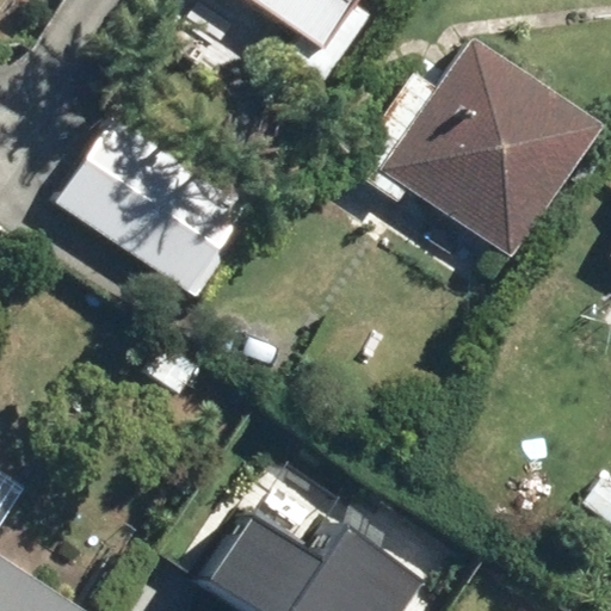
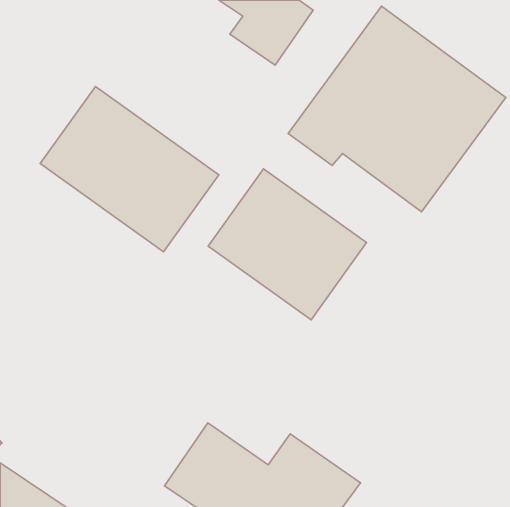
building: none -> [208,169,366,320]

